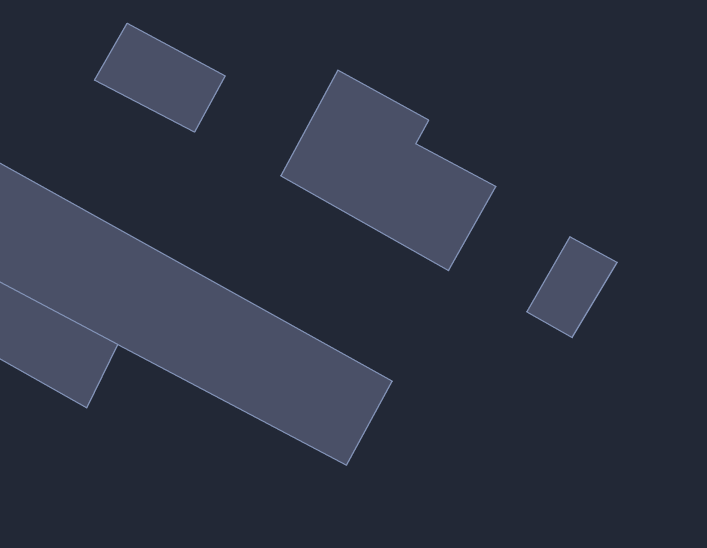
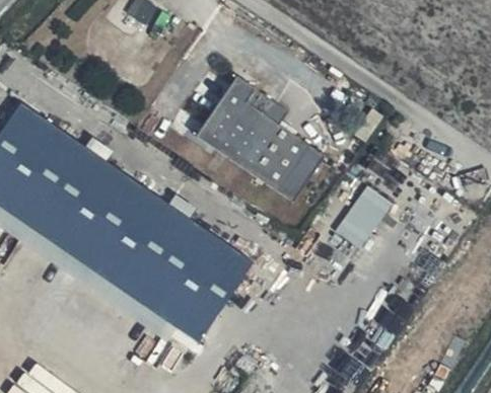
building: [95,23,225,132] -> none
building: none -> [68,222,218,344]

